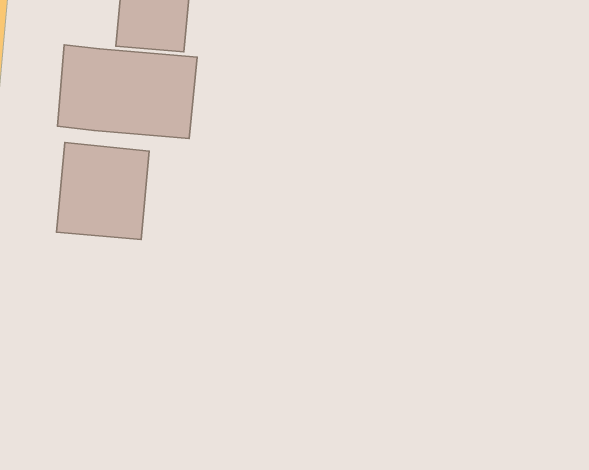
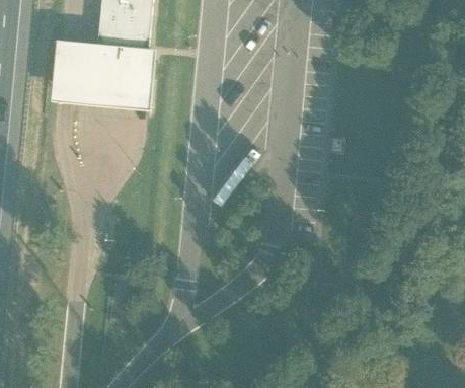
building: [57,143,149,240] -> none

